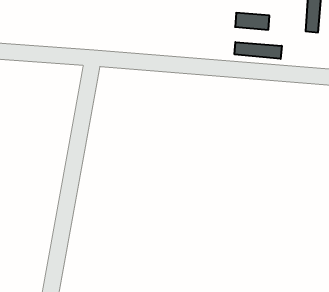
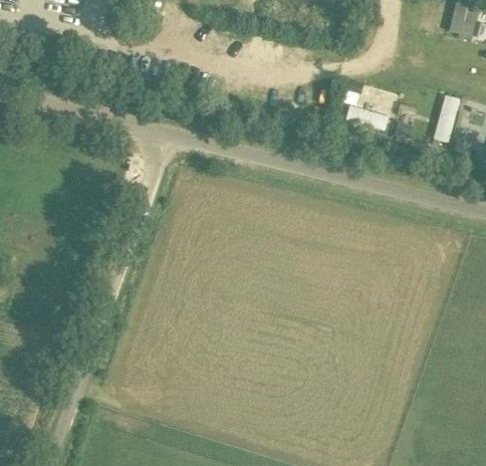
building: [235,42,282,59] -> none

